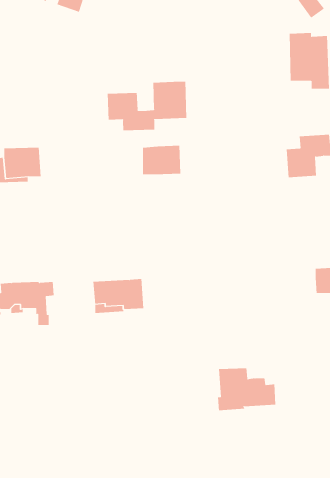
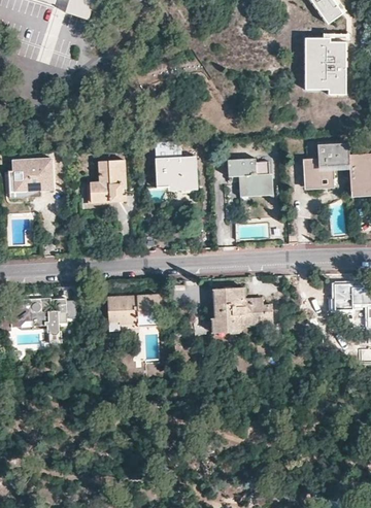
building: [107,81,187,131] -> none
building: none -> [226,158,268,189]
building: none -> [88,159,125,201]
building: [217,368,276,411] -> [211,286,272,331]

